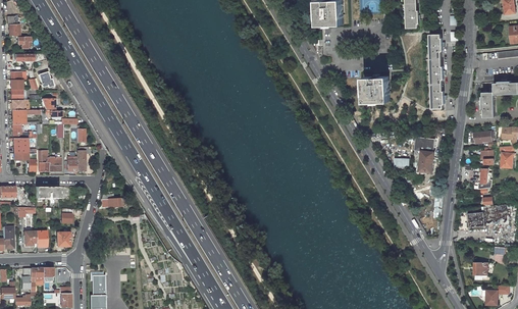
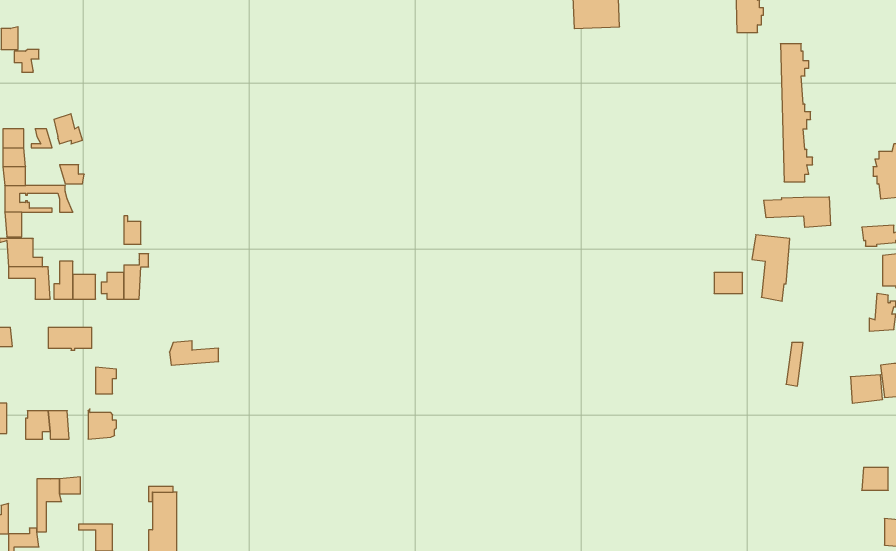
building: [363,75,390,102] -> none
building: none -> [764,197,831,227]

